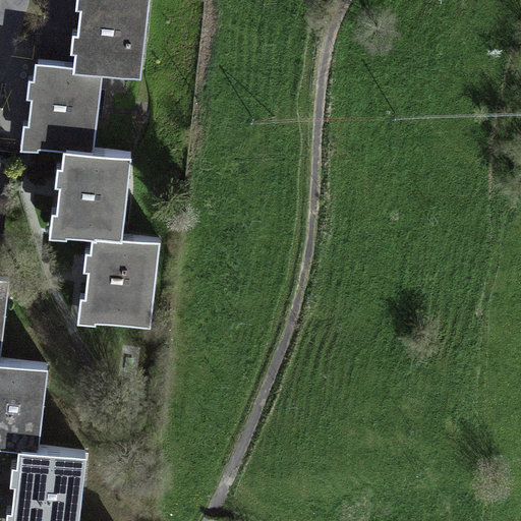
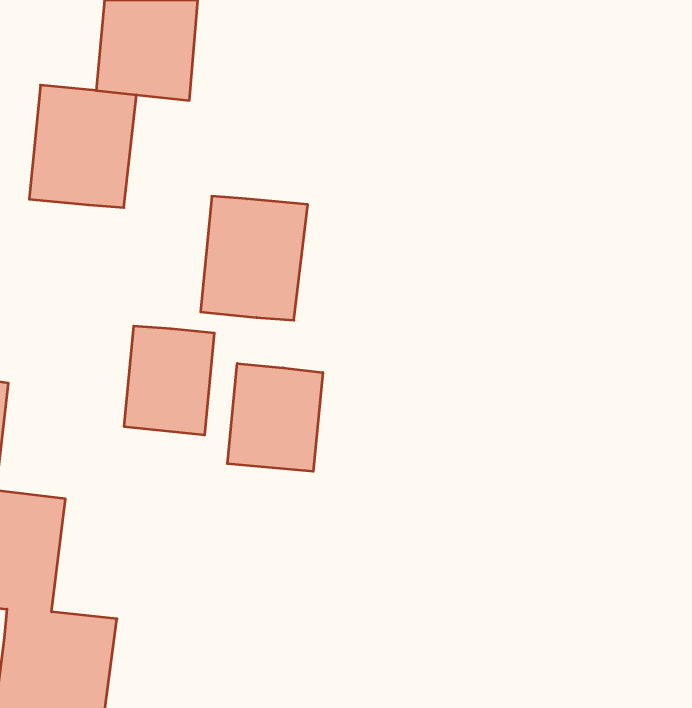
building: [57,153,135,243] -> [201,196,308,320]
building: none -> [227,363,323,471]

